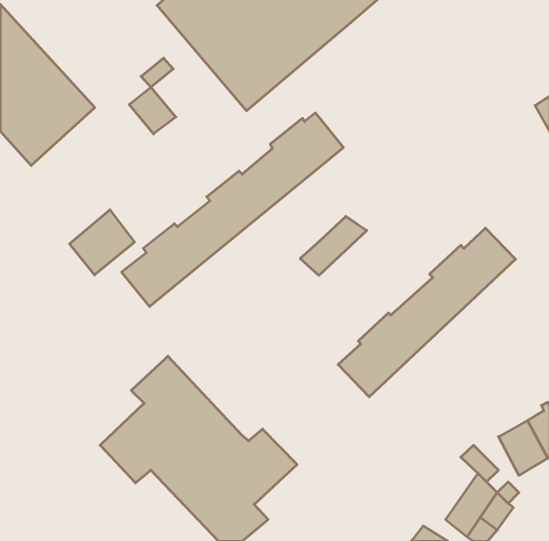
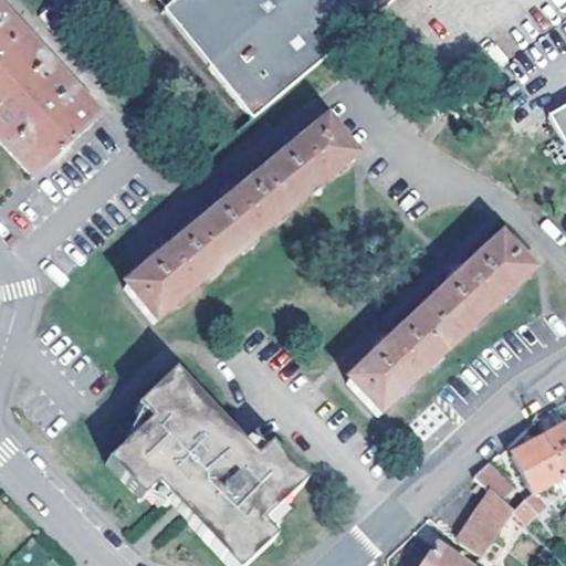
building: [129,87,176,134] -> none
building: [70,210,134,275] -> none
building: [300,216,367,275] -> none

